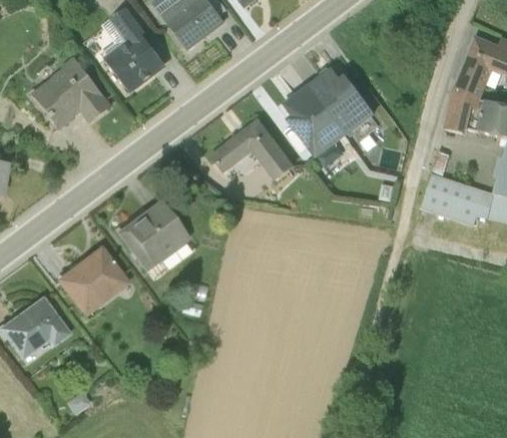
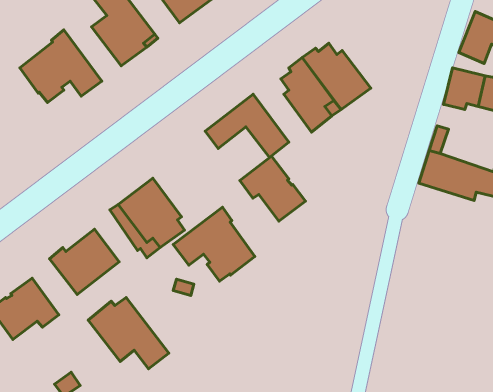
building: none -> [240,156,305,221]
building: none -> [173,207,255,281]
building: none -> [88,297,169,369]

